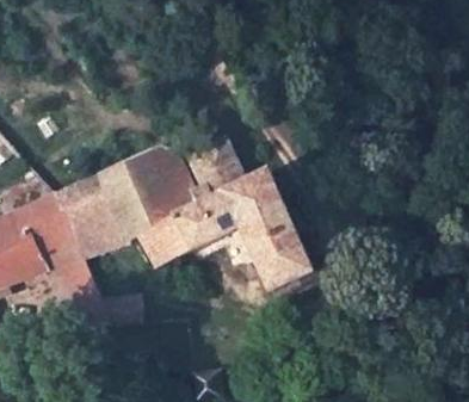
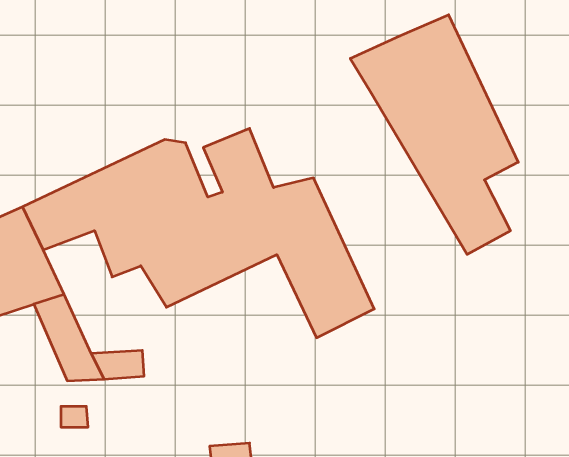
building: none -> [350,15,518,254]
building: [66,212,117,260] -> none

